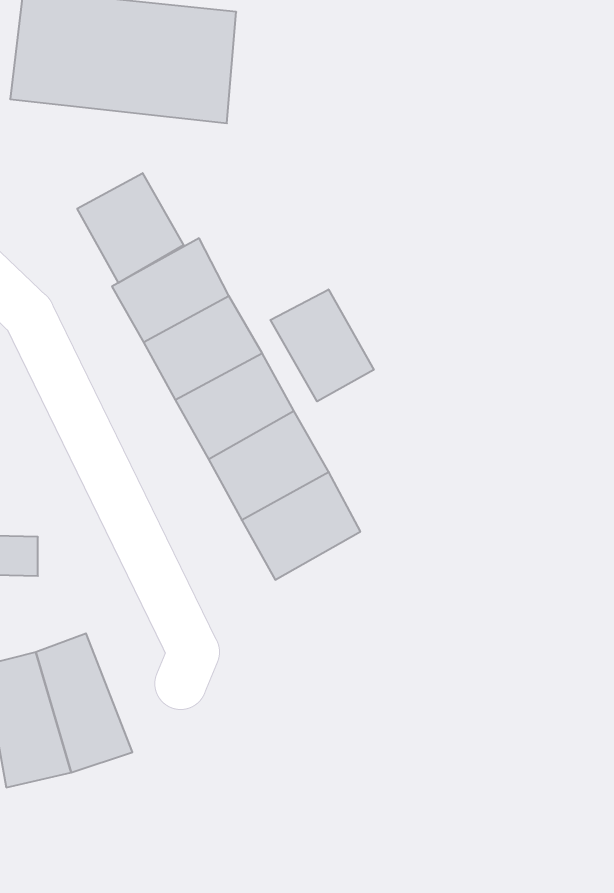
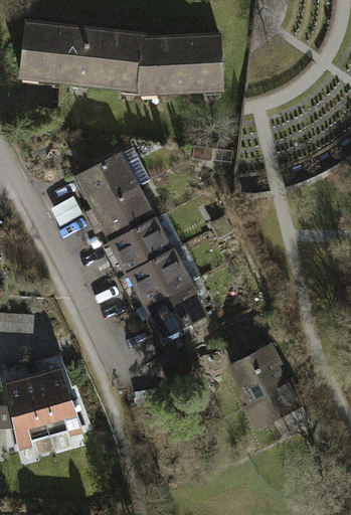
building: none -> [136,29,216,91]
building: [77,173,183,283] -> none
building: [270,289,374,401] -> none
building: none -> [219,344,311,441]

